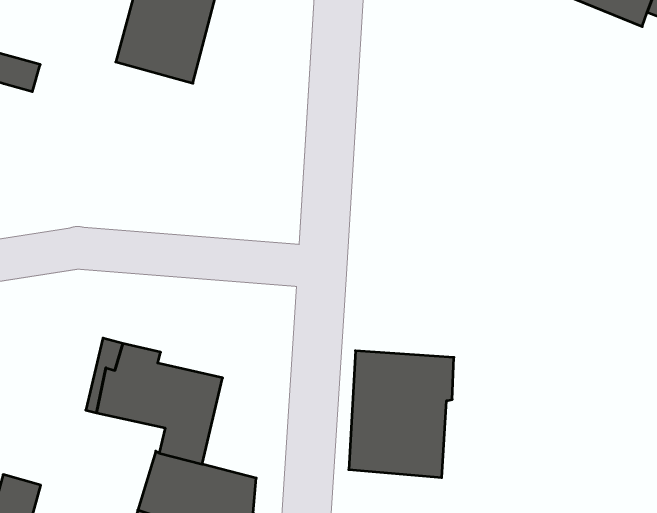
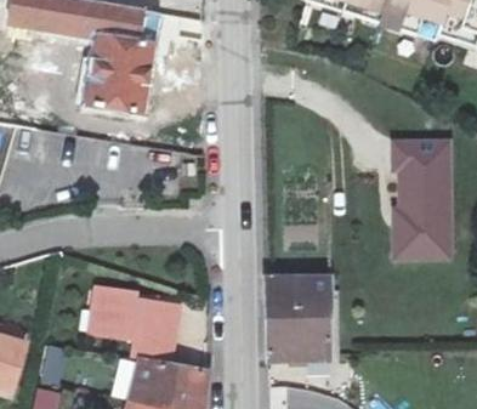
building: none -> [393,140,450,252]

